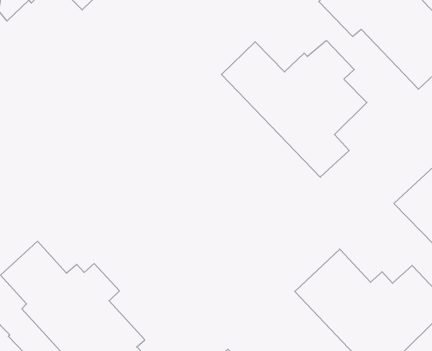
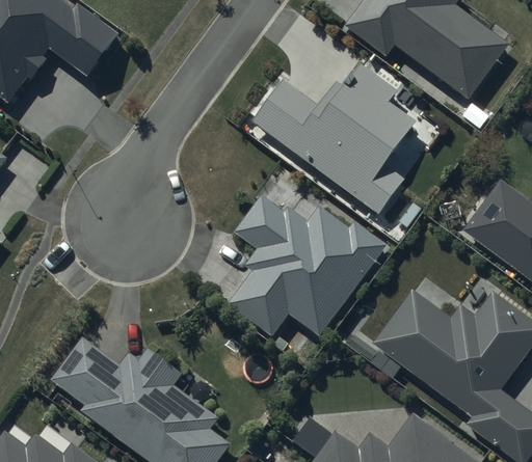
building: none -> [225,194,385,338]

